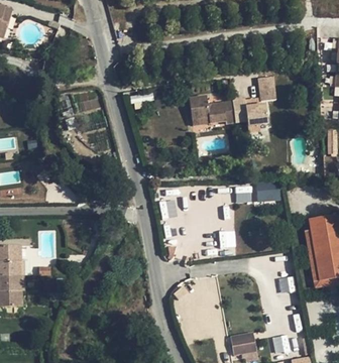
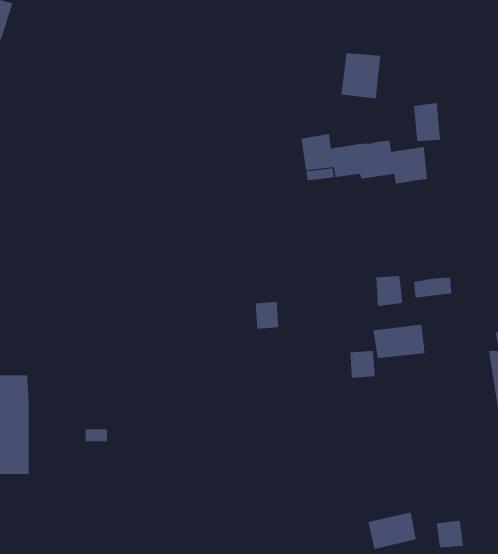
building: none -> [341,53,381,99]
building: none -> [373,324,425,359]

